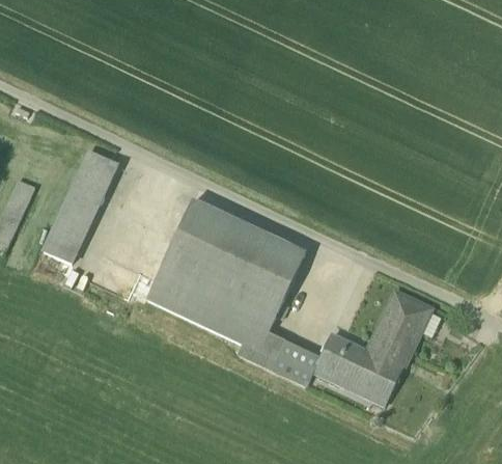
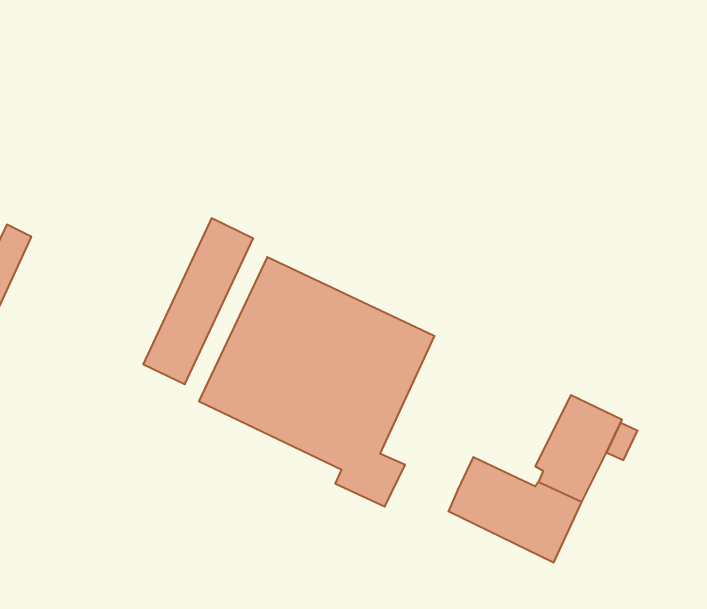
building: [43,151,116,262] -> [143,218,253,384]
building: [271,339,319,384] -> none

